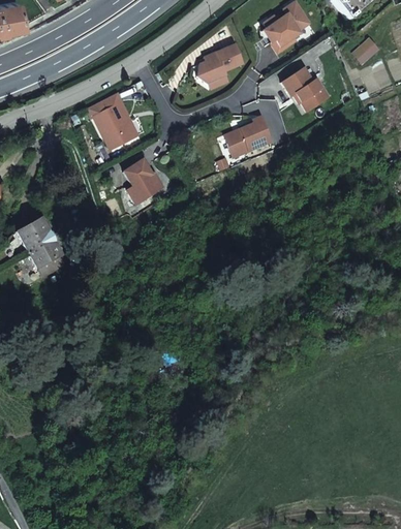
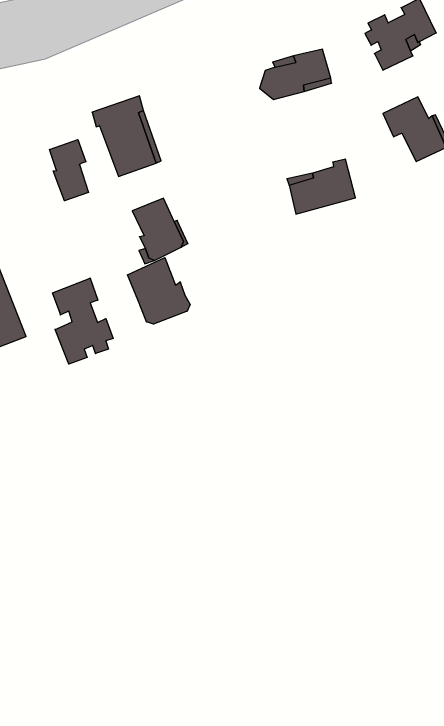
building: none -> [50,140,88,201]
building: none -> [128,258,190,324]
building: none -> [53,278,113,364]

